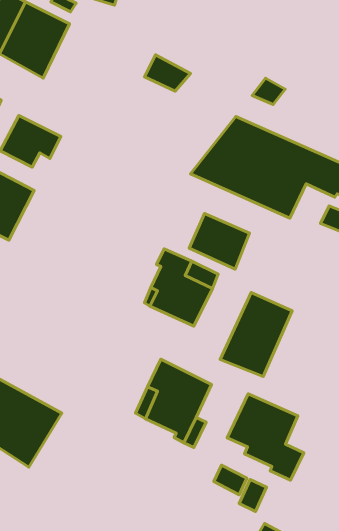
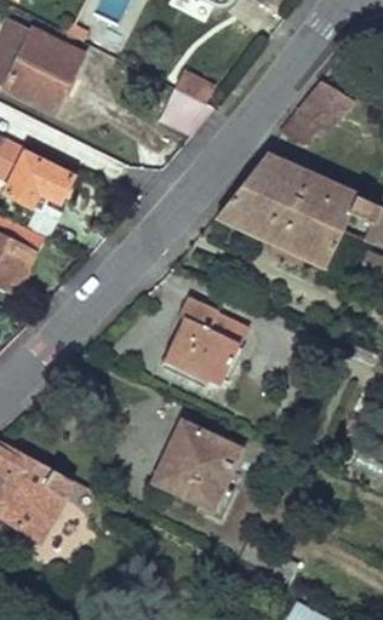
building: none -> [298,81,349,127]
building: [189,213,249,269] -> none
building: [220,292,292,376] -> none
building: [227,394,304,480] -> none

